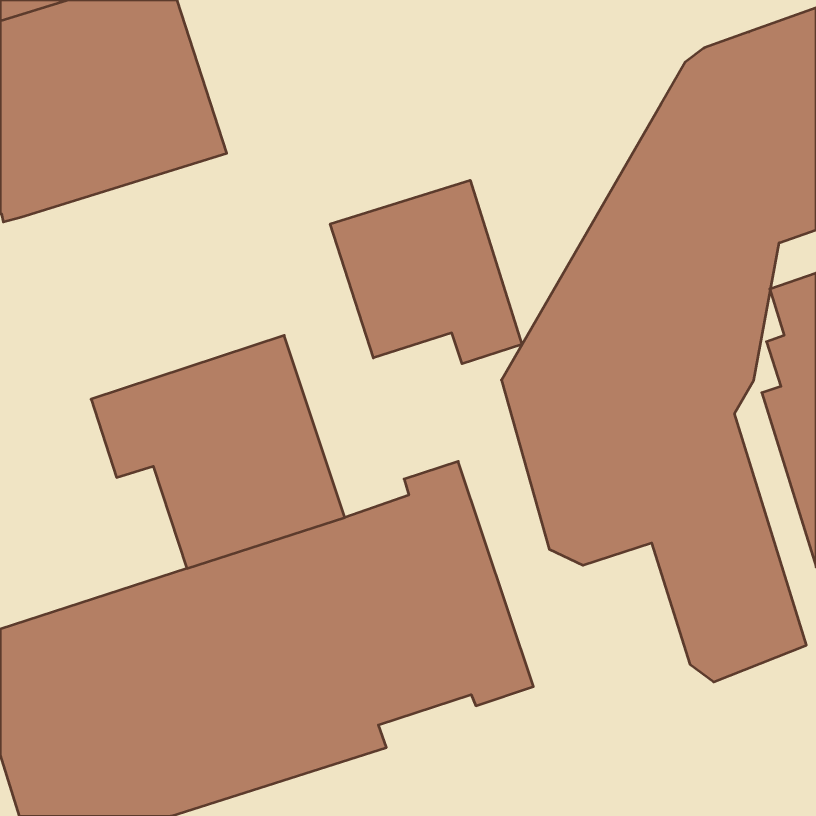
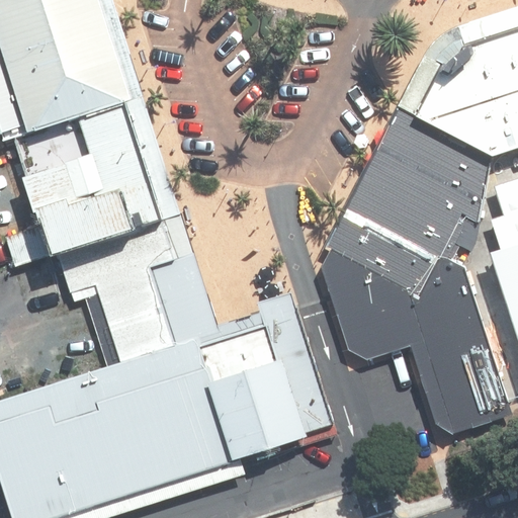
building: none -> [5,97,180,267]
building: [330,180,522,364] -> none

